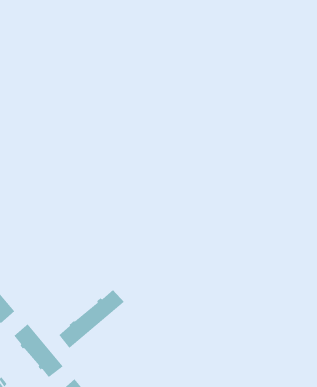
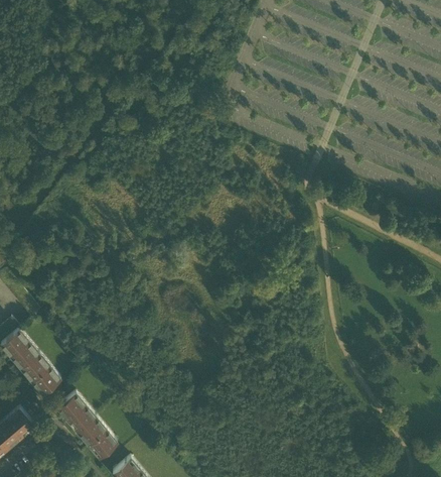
building: [59,289,125,349] -> none

